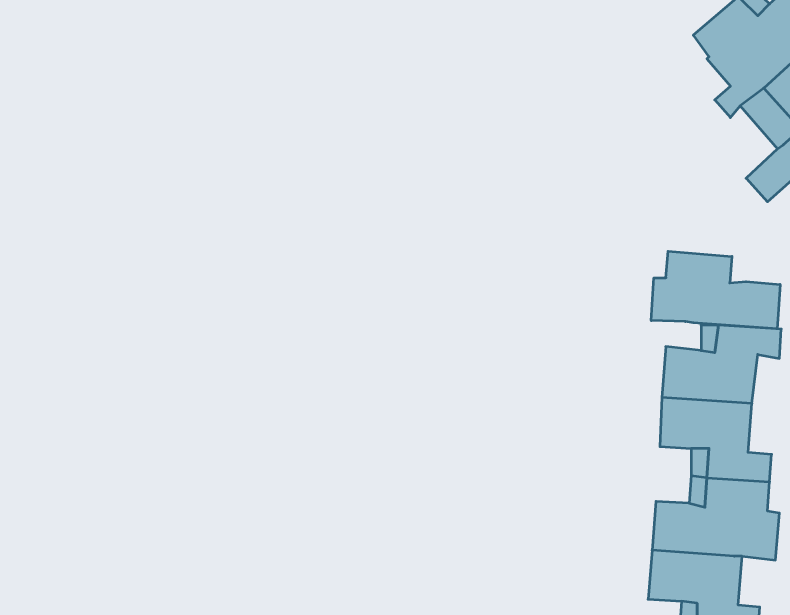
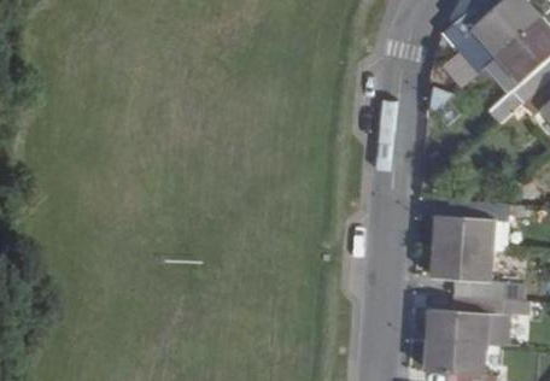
building: [651,251,780,329] -> none

